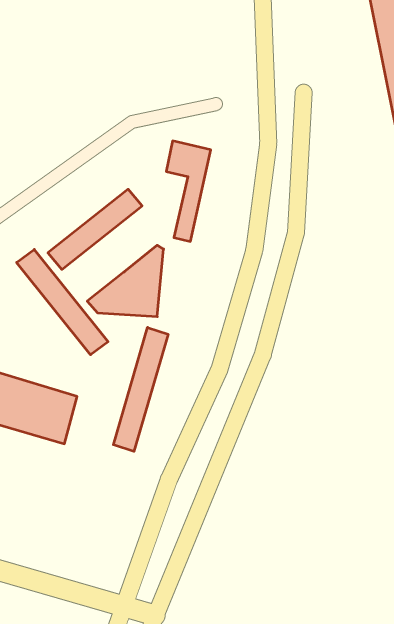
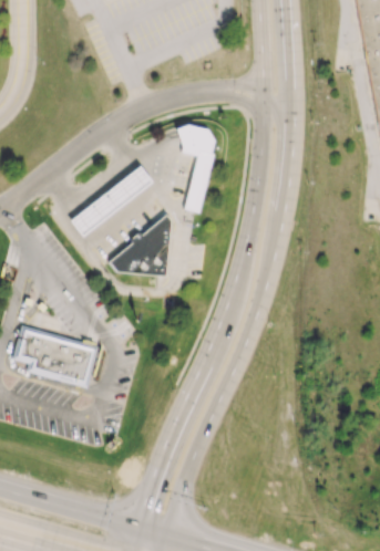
building: [17,249,108,355] -> none
building: [113,327,168,451] -> none

